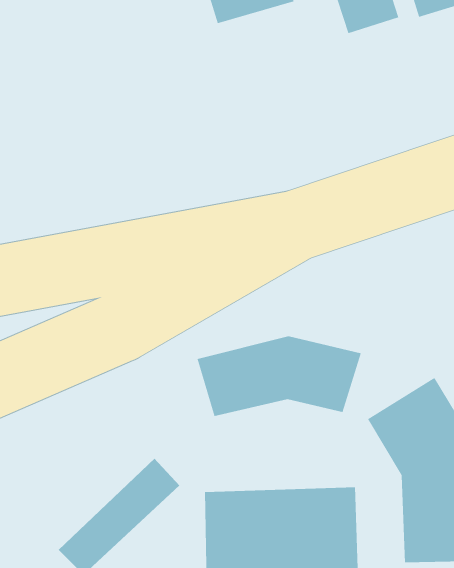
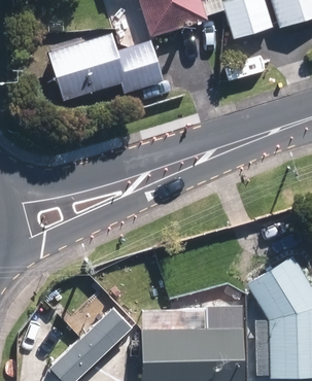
building: none -> [53,37,162,92]
building: [197,336,361,417] -> none

